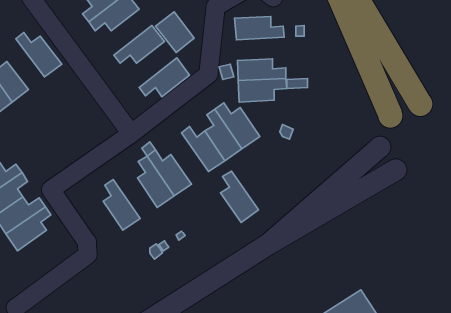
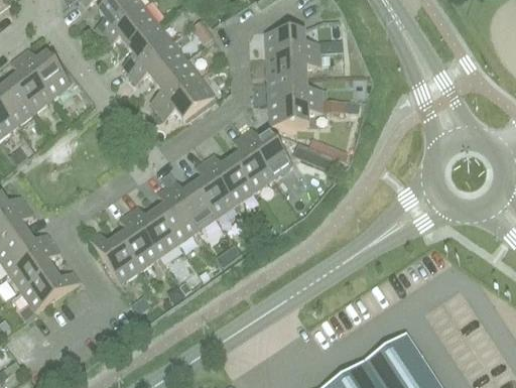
building: none -> [122,22,171,74]
building: none -> [266,53,319,80]
building: none -> [9,55,51,112]
building: none -> [150,58,200,110]
building: [221,171,258,222] -> [192,160,235,218]
building: none -> [128,206,177,256]
building: none -> [90,232,139,283]
building: none -> [21,269,79,311]

